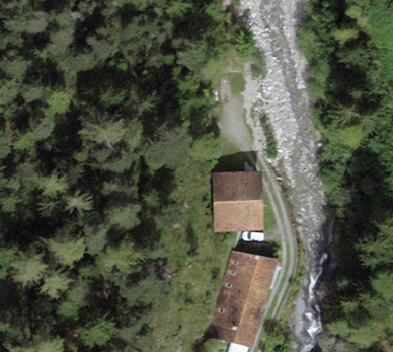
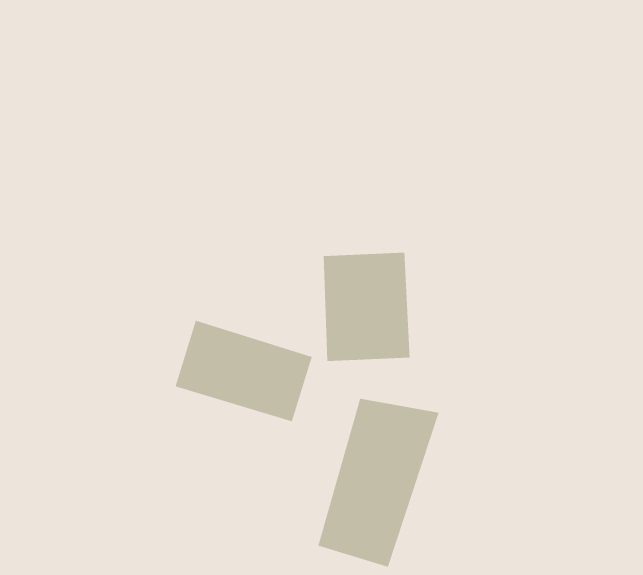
building: none -> [175,320,312,422]

